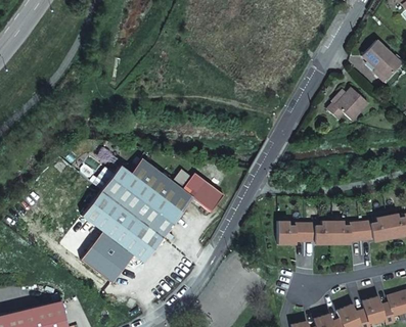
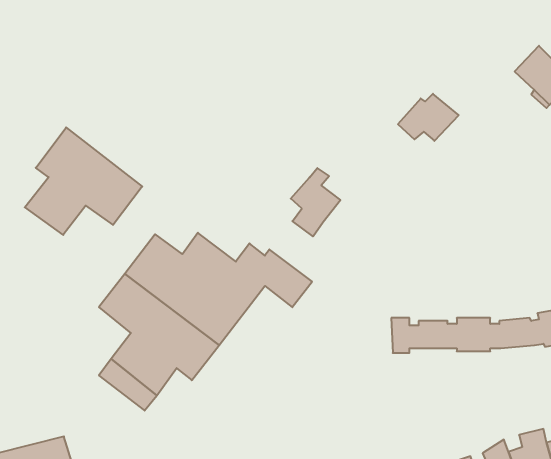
building: [325,87,366,119] -> [398,94,459,141]
building: none -> [25,127,142,235]
building: none -> [291,168,340,236]

